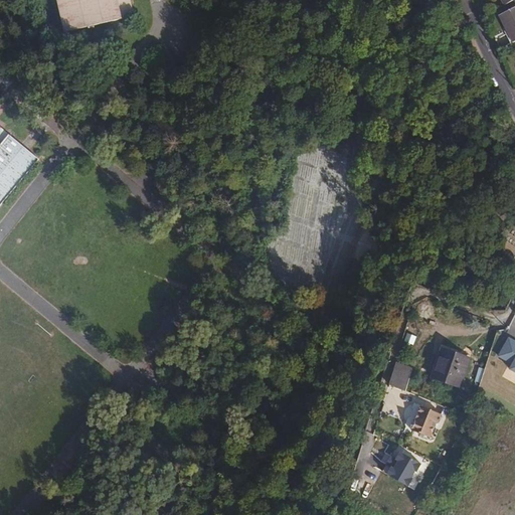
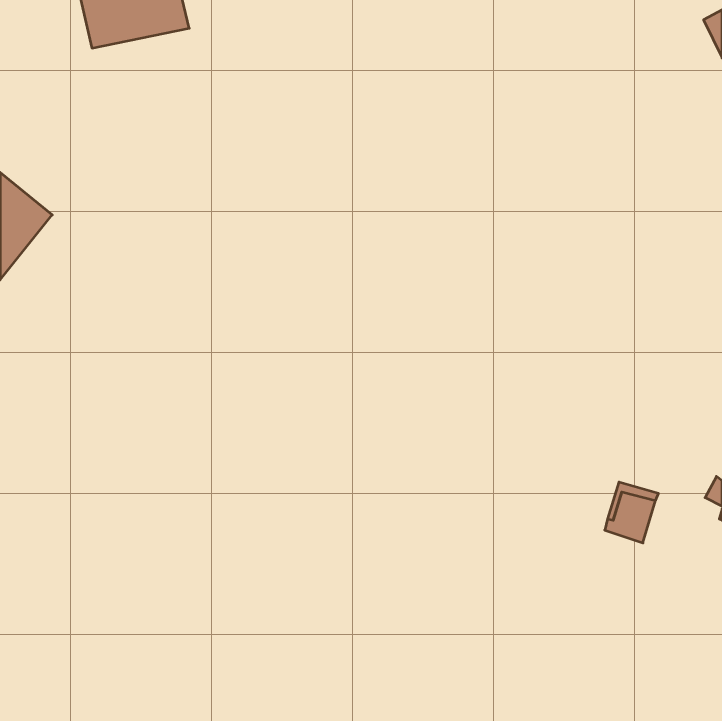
building: [386,360,409,387] -> none
building: [408,403,439,435] -> none
building: [387,451,424,487] -> none

